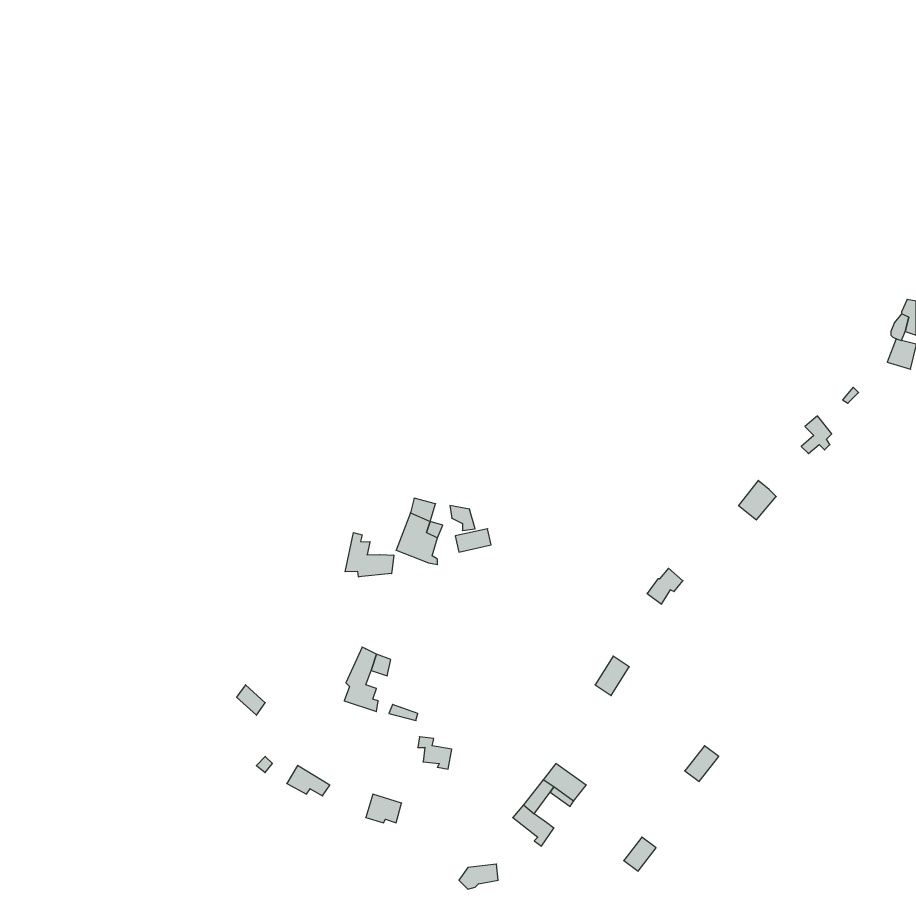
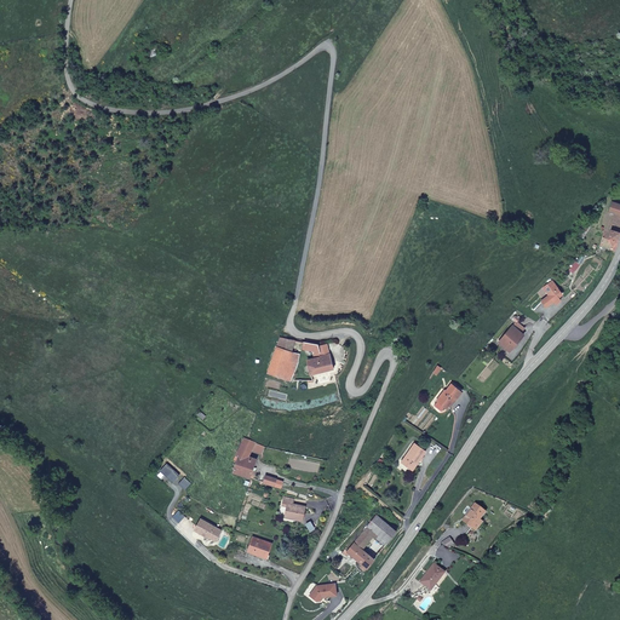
building: [345,533,394,577] -> none

